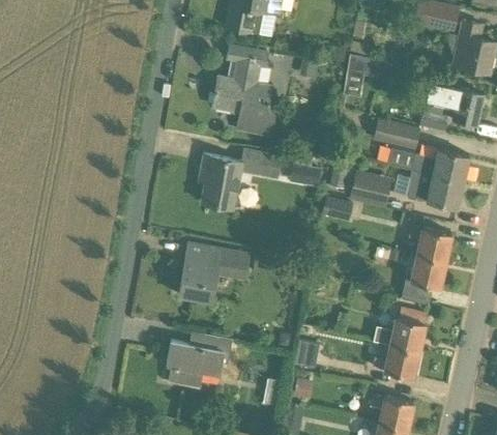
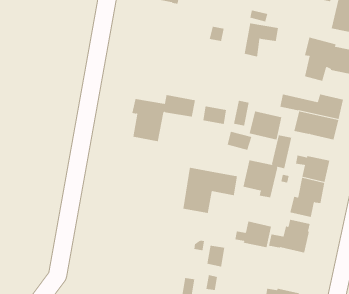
building: [212,46,275,137] -> none
building: [373,118,420,150] -> none
building: none -> [243,134,292,198]
building: [179,242,250,301] -> [183,167,238,214]
building: [167,336,231,387] -> none
building: [373,344,420,378] -> [235,221,272,248]

